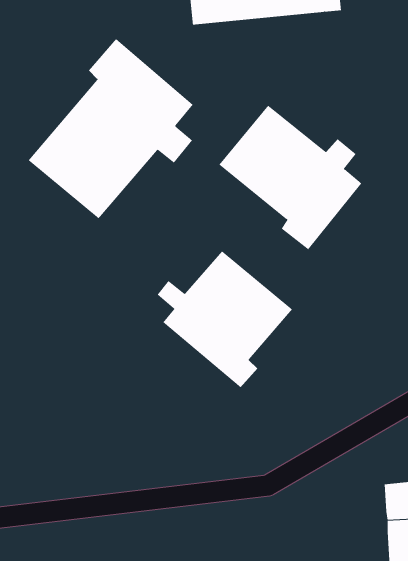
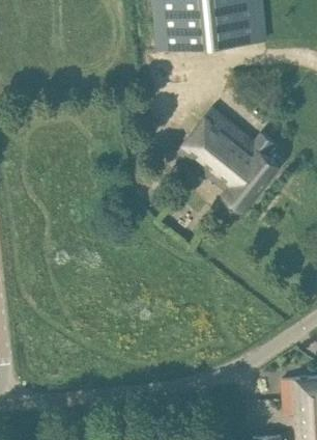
building: [28,38,193,219] -> none
building: [157,251,293,388] -> none

